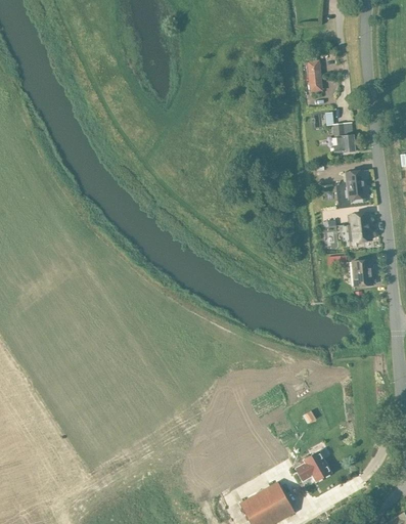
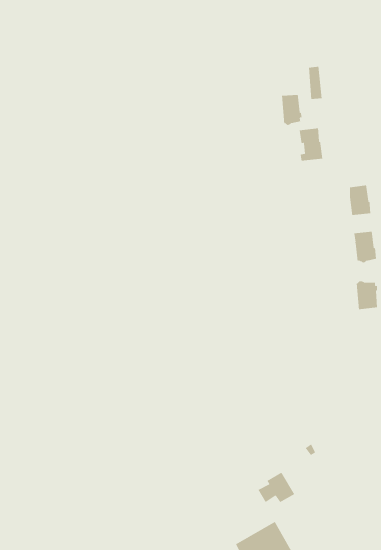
building: none -> [281,94,302,126]
building: [331,123,354,154] -> [299,128,323,161]
building: [295,452,329,481] -> [258,472,295,503]

